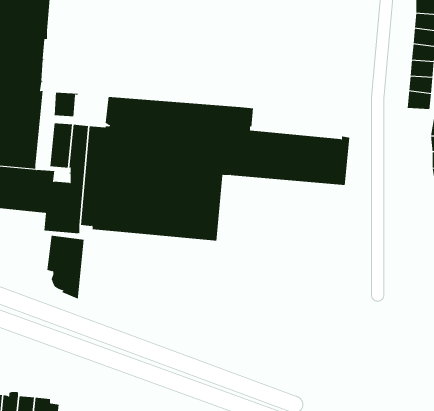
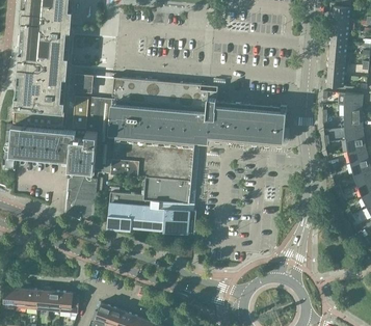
building: none -> [106,176,194,235]

